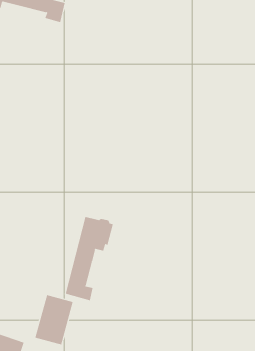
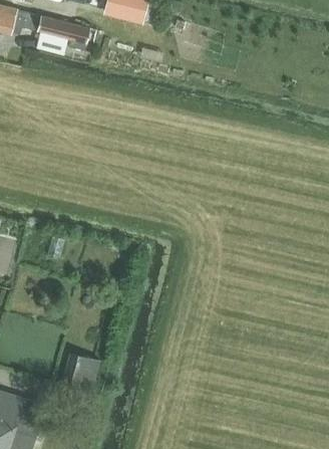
building: [65,216,114,301] -> none

